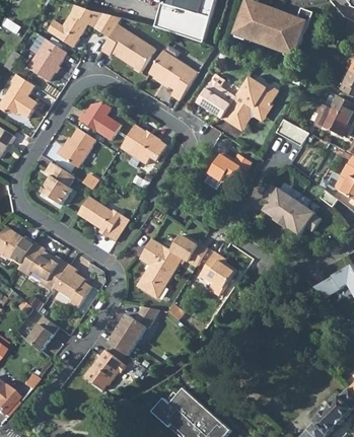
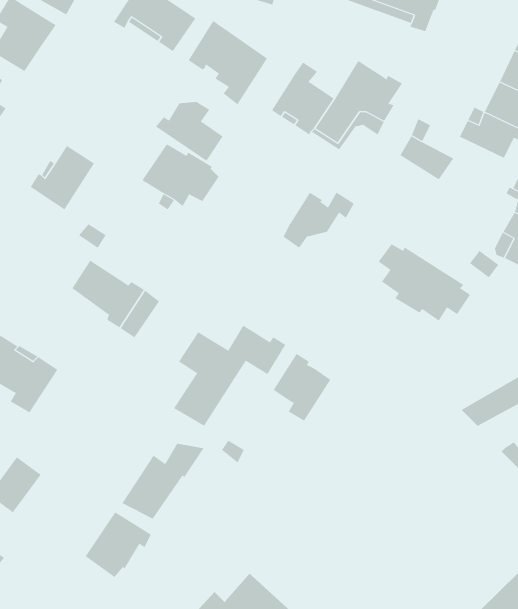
building: [81,104,123,141] -> [155,101,223,161]
building: [40,161,73,203] -> none
building: [51,263,93,311] -> none

